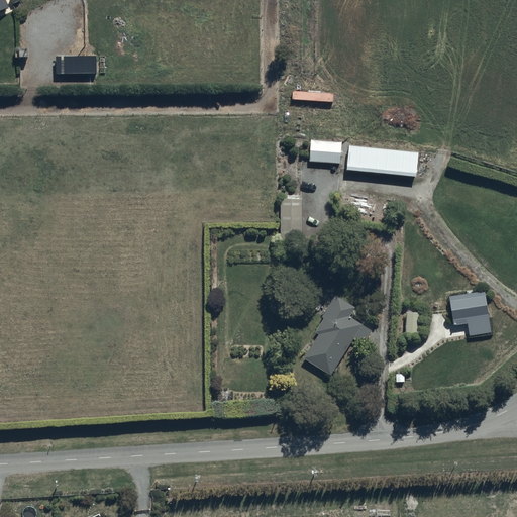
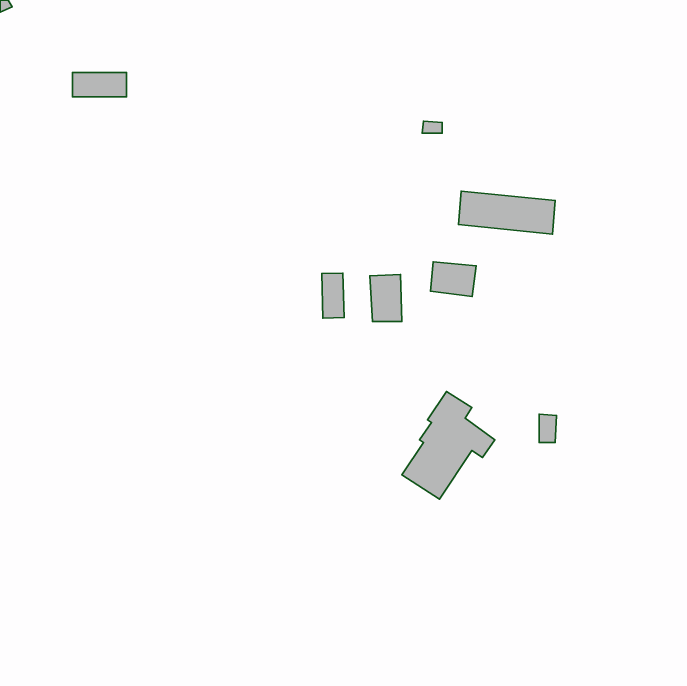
building: [308,138,342,165] -> [431,262,476,297]
building: none -> [322,273,344,318]
building: [449,291,490,335] -> none

